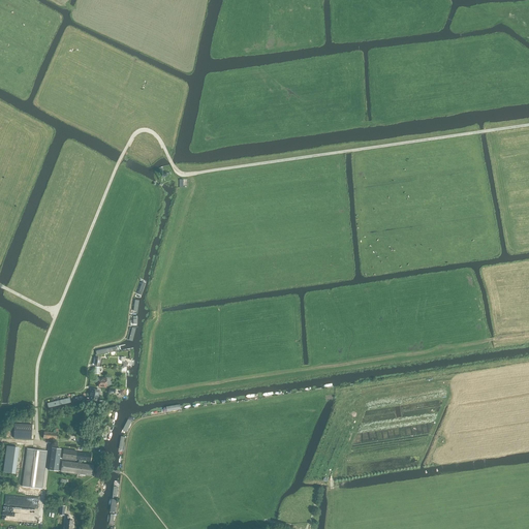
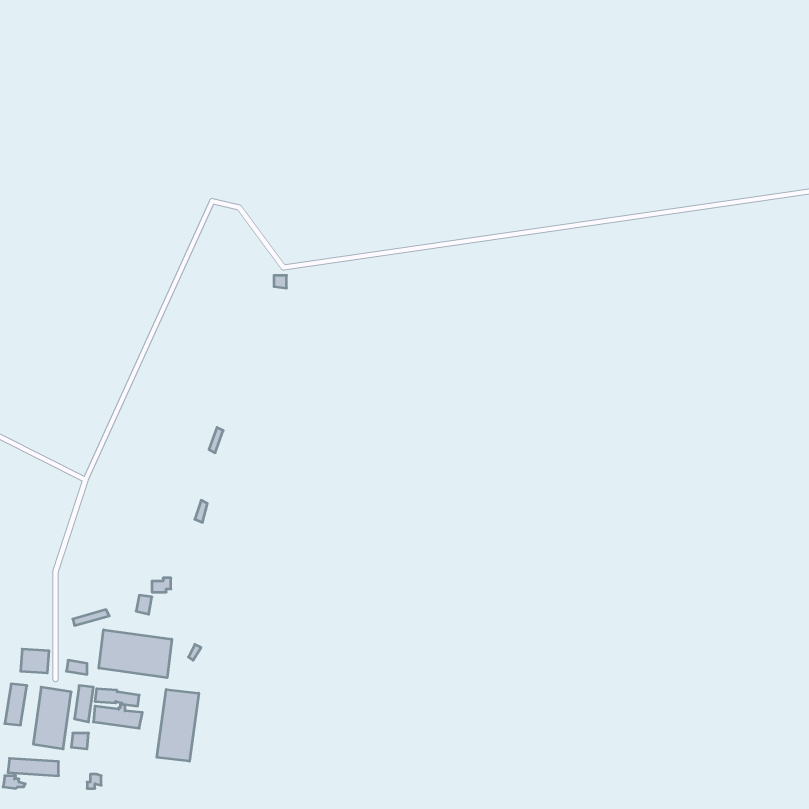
building: none -> [99,630,172,678]
building: none -> [157,689,199,761]

